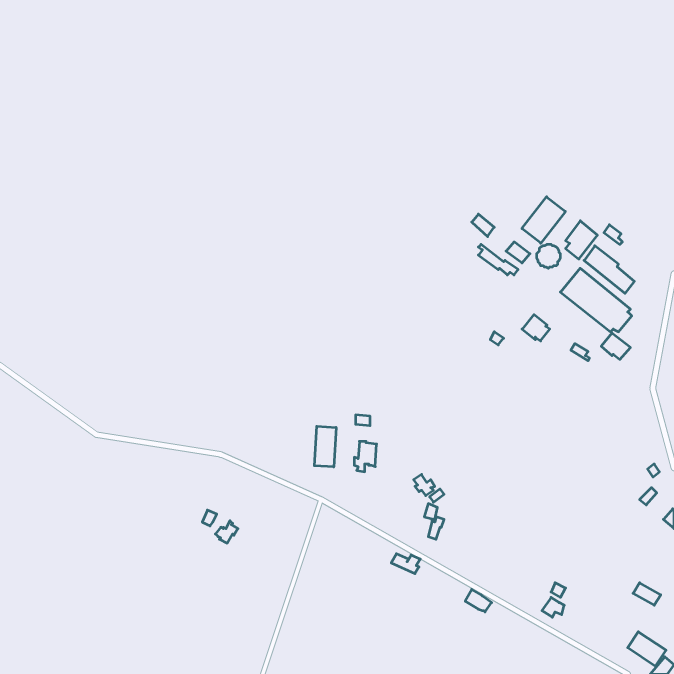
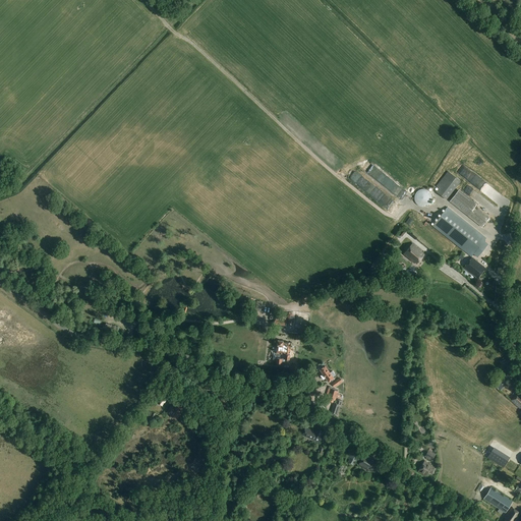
building: [522,197,565,243] -> none
building: [314,426,336,467] -> none

